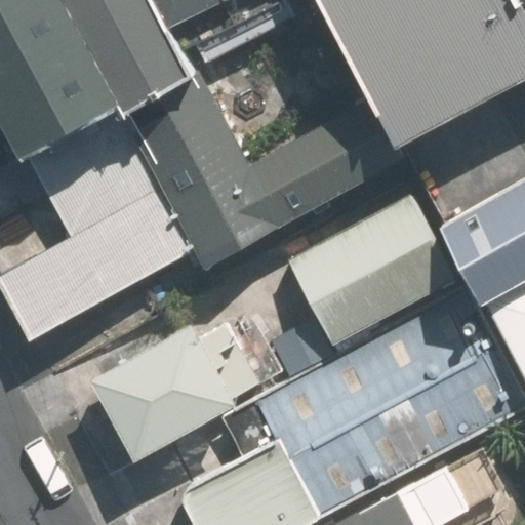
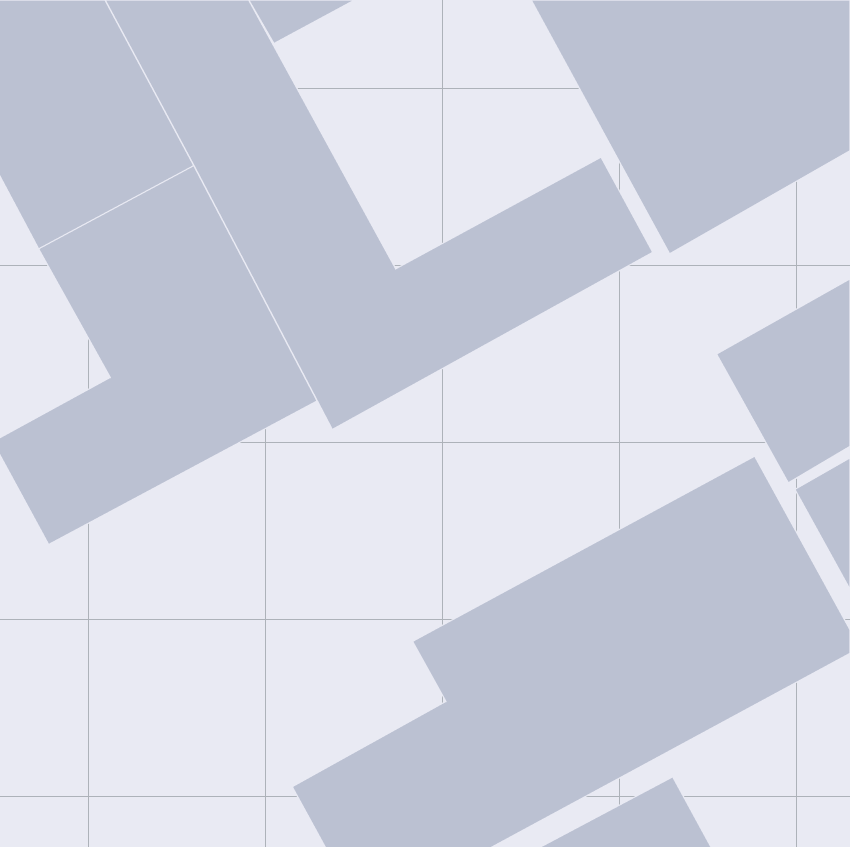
building: [286,192,456,345] -> none
building: [91,324,238,459] -> none

